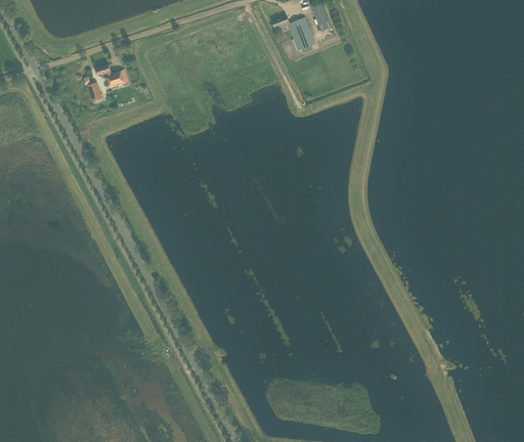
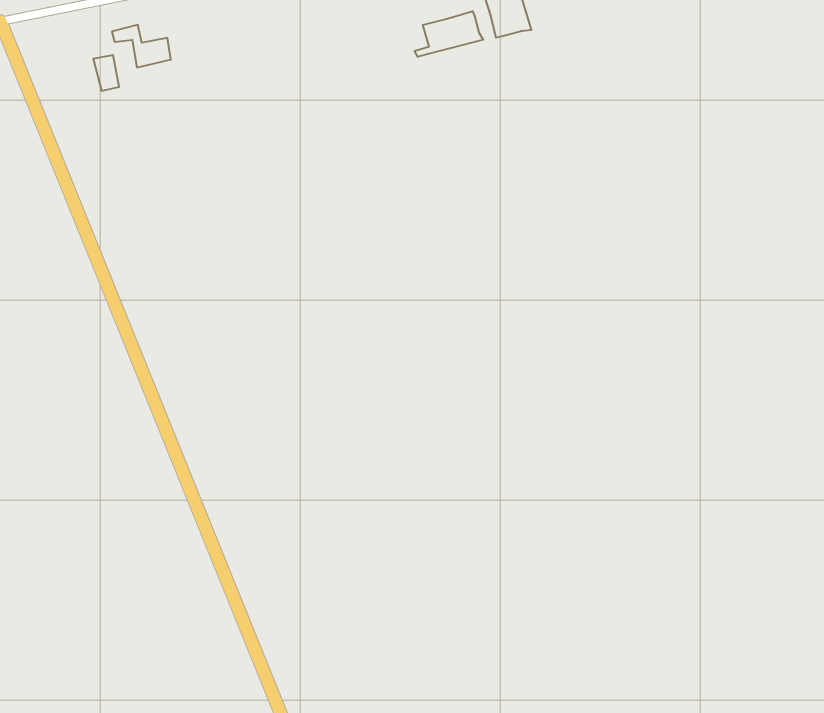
building: none -> [415,11,483,57]

